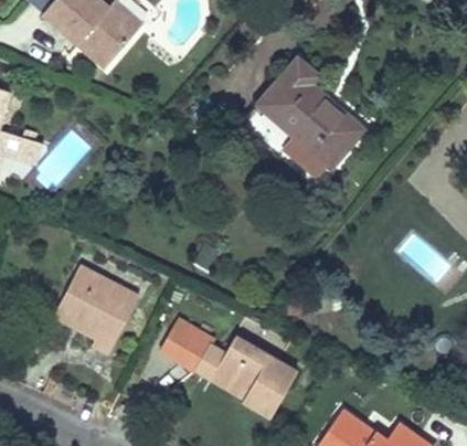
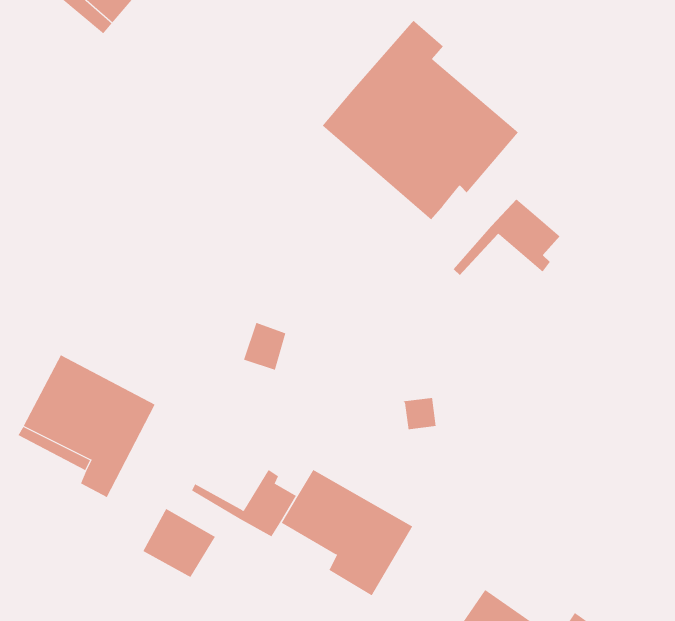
building: none -> [453,198,560,276]
building: [162,318,208,361] -> [142,508,216,578]

